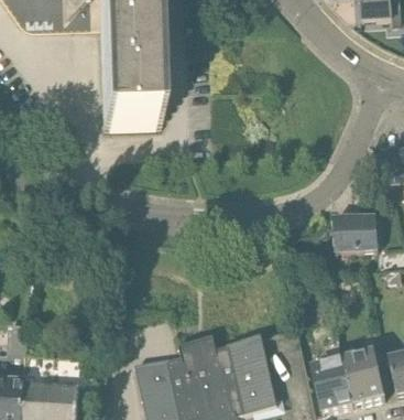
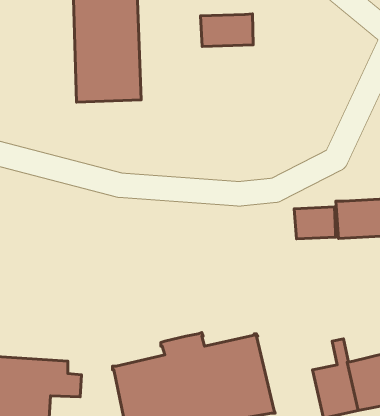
building: none -> [200,14,253,47]
building: none -> [294,207,336,239]

